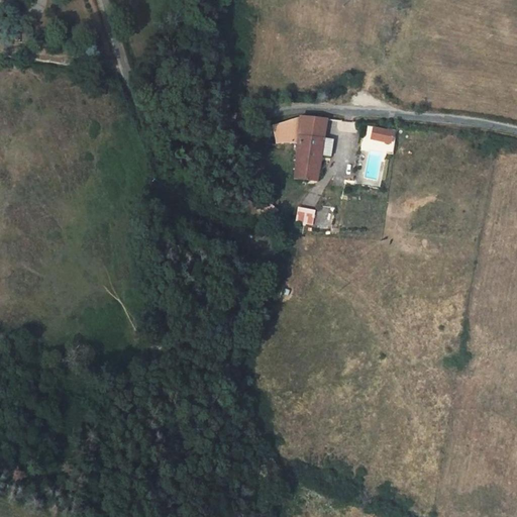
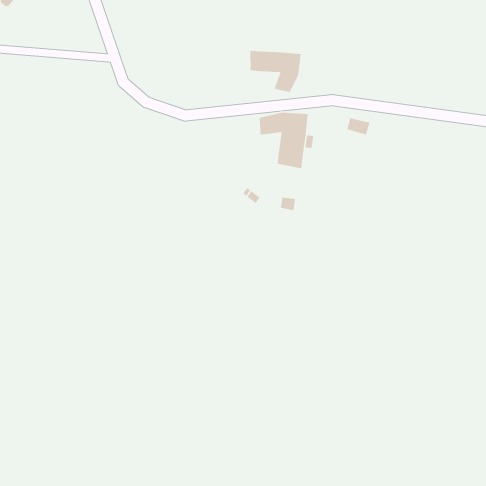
building: none -> [249,50,301,93]

